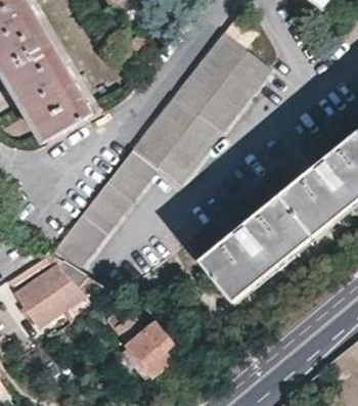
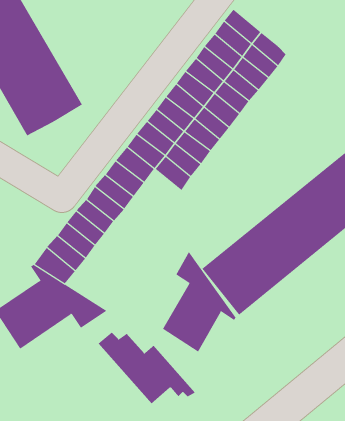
building: none -> [162,251,236,353]

